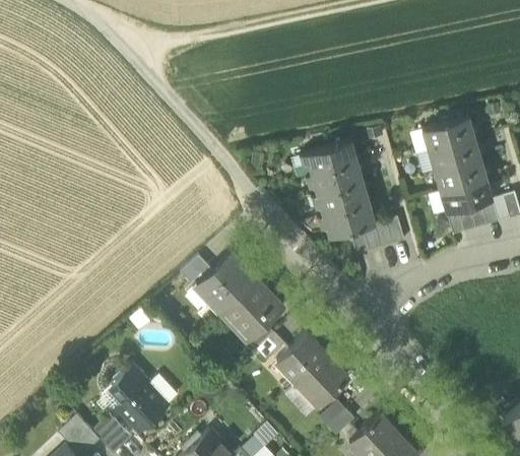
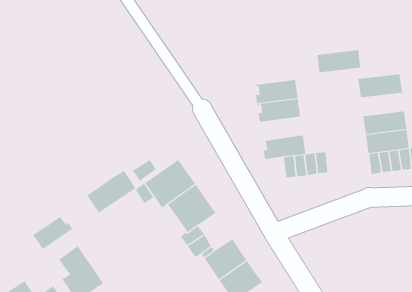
building: [427,138,479,172] -> [316,50,361,73]
building: [316,183,369,217] -> none
building: none -> [87,170,136,213]
building: none -> [33,214,73,250]

